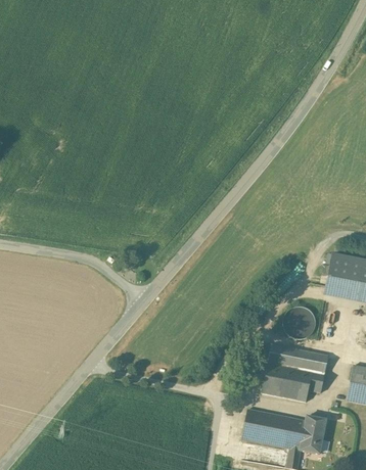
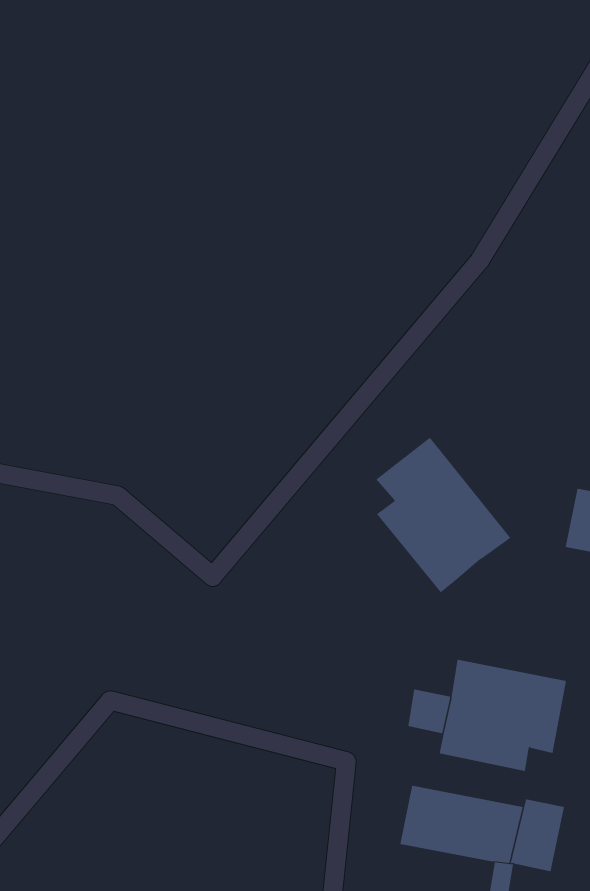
building: none -> [376,437,511,593]
building: [283,307,316,339] -> none

